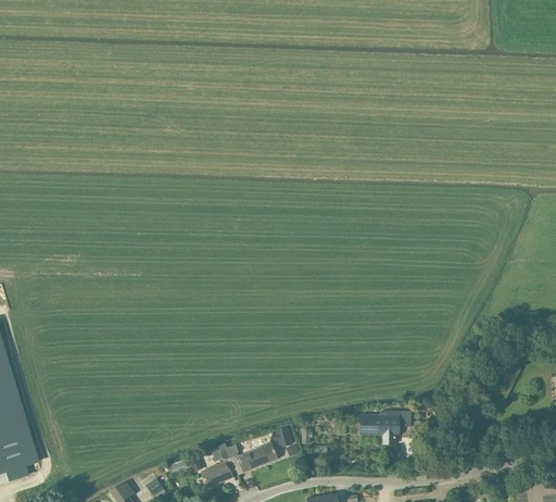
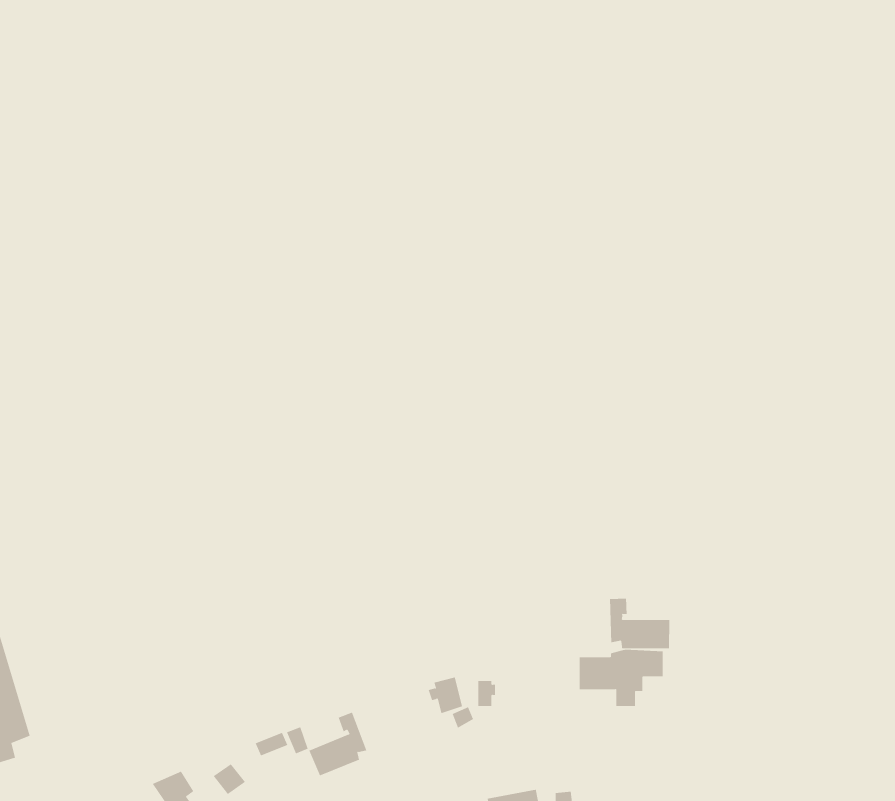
building: none -> [610,598,670,649]
building: [227,443,276,475] -> none

